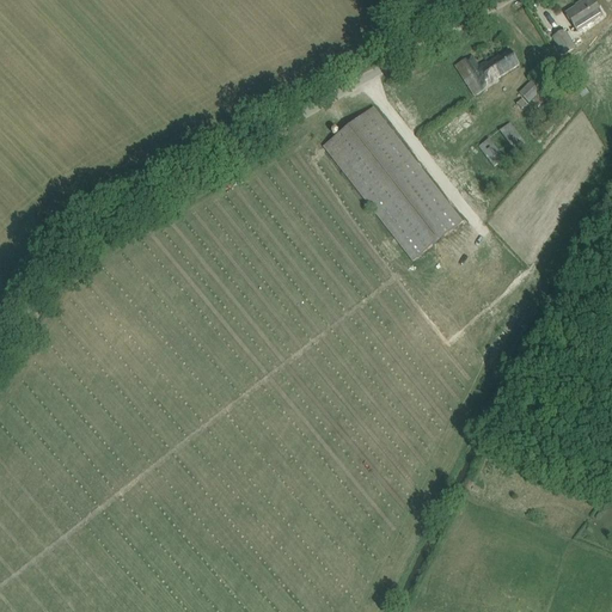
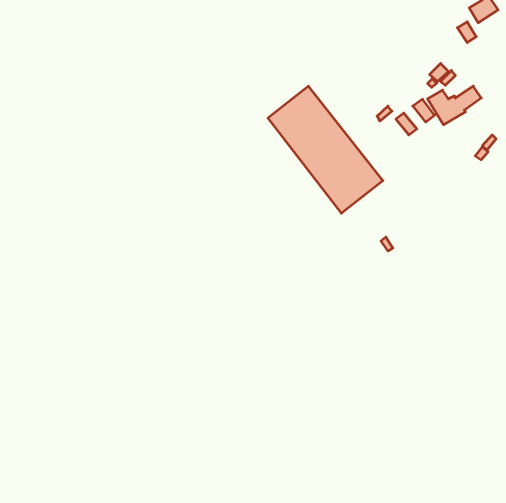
building: [453,47,518,93] -> [428,86,481,125]

